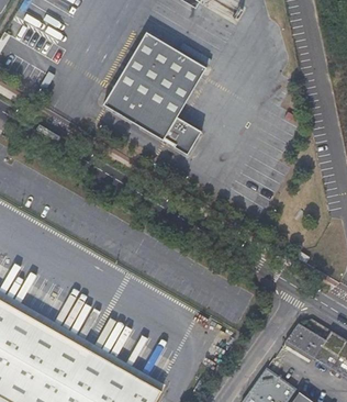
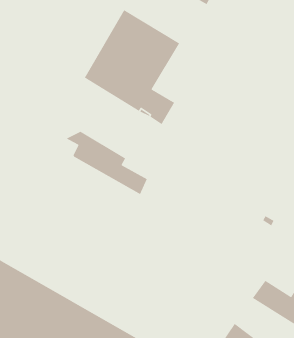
building: none -> [65,131,148,195]

